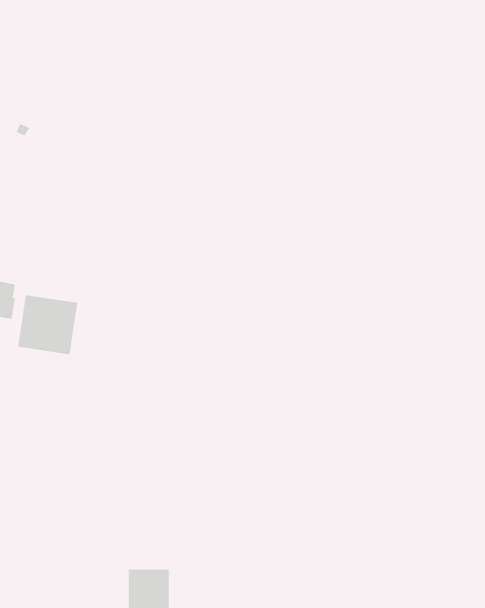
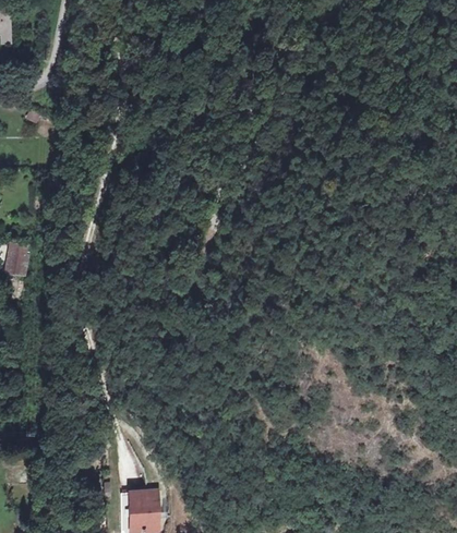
building: [18,294,78,355] -> none

